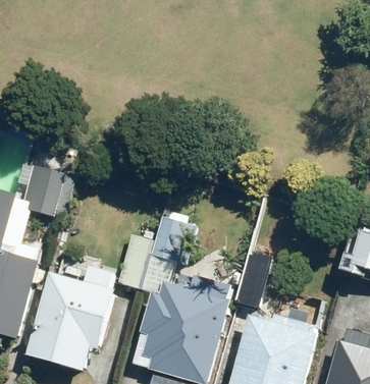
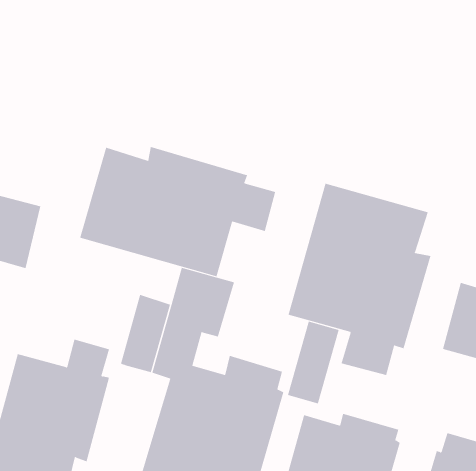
building: none -> [80,146,276,277]
building: none -> [288,183,431,376]

